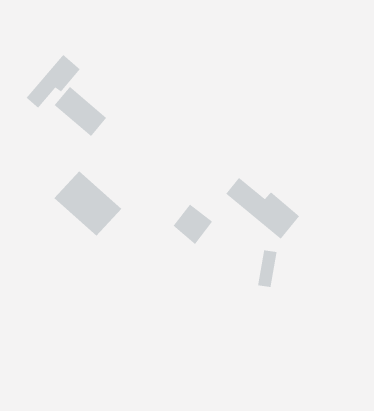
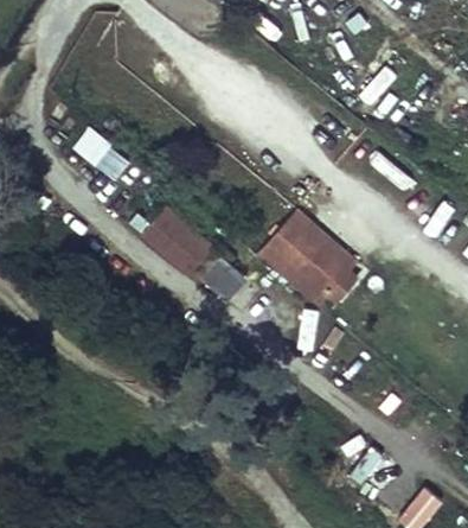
building: [26,54,81,109] -> none
building: [54,170,122,237] -> [136,205,212,279]

